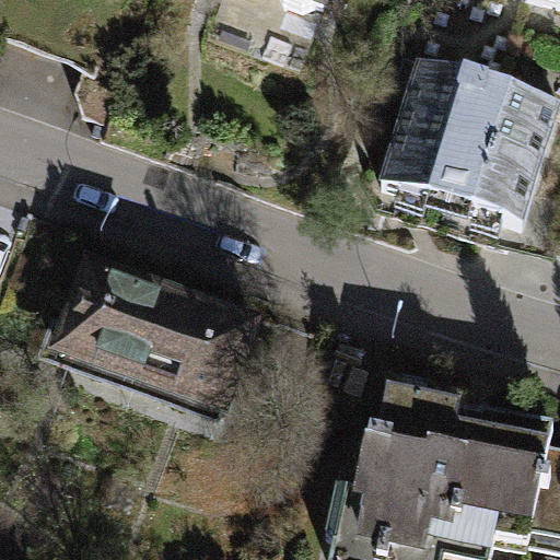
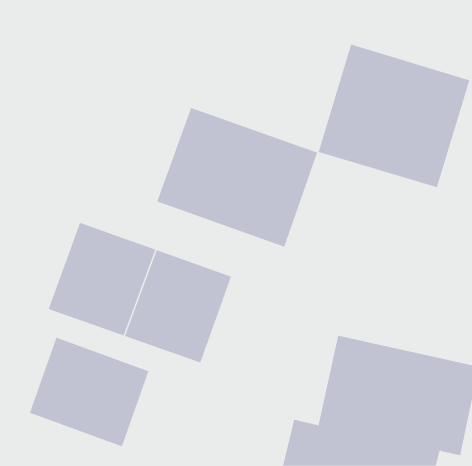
building: none -> [156,107,318,247]
building: none -> [29,337,149,447]

